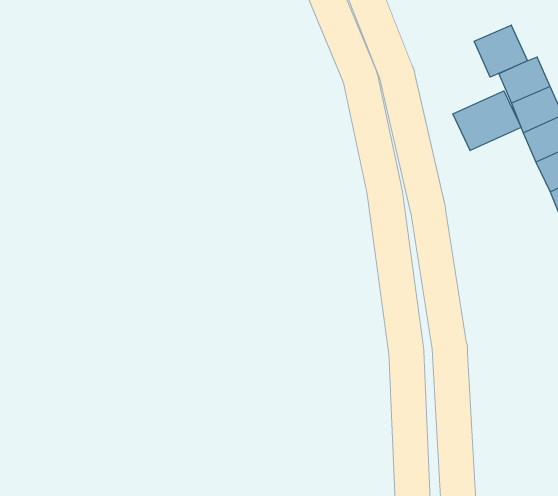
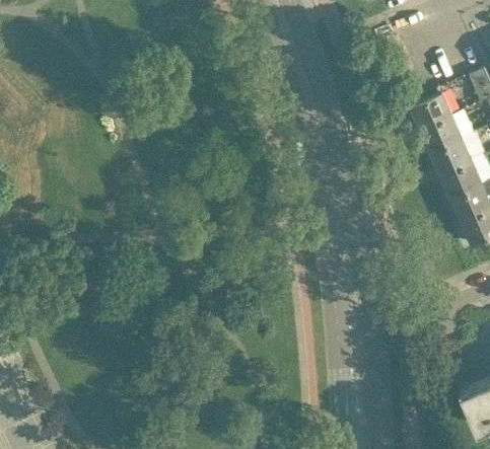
building: [474,25,527,77] -> none
building: [453,91,521,151] -> none

